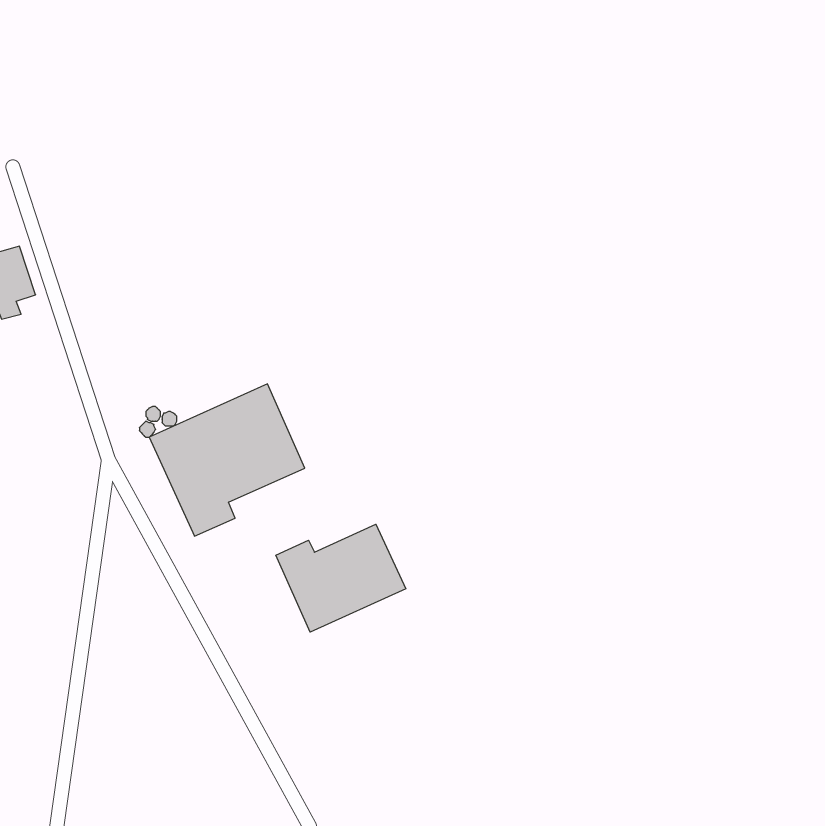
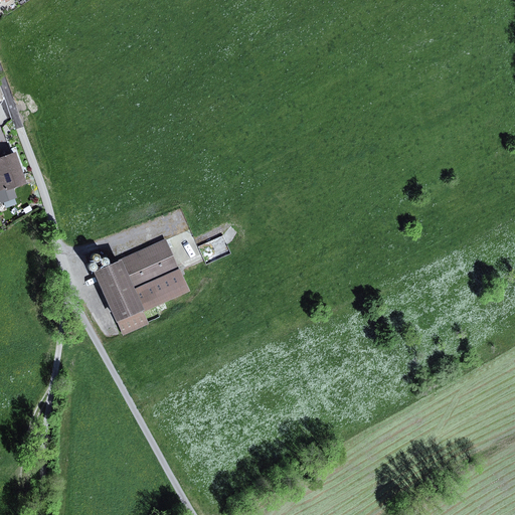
building: [276,524,406,632] -> none

